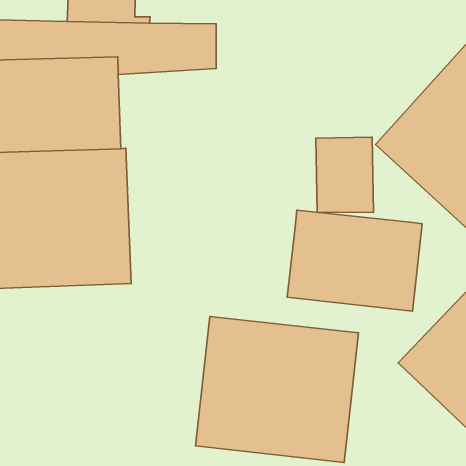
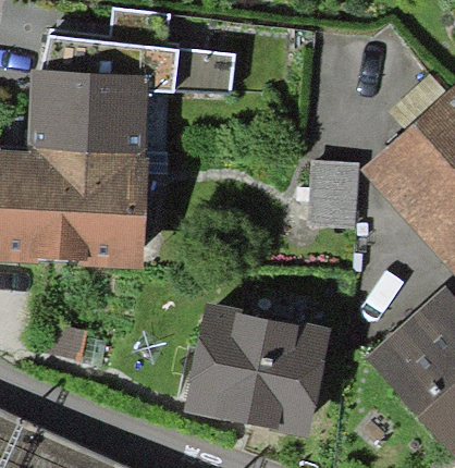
building: [287,210,422,311] -> none

